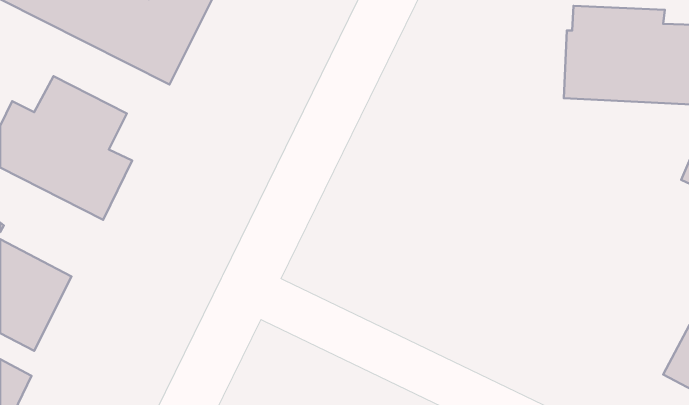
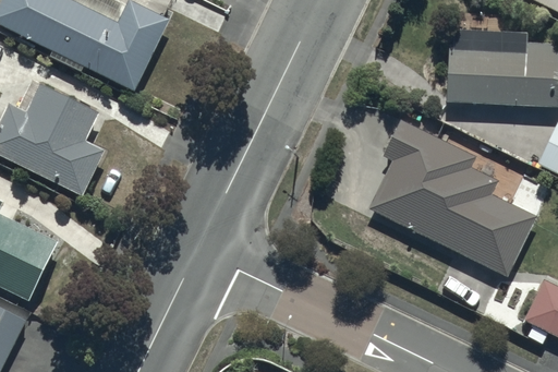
building: none -> [368,120,536,276]

